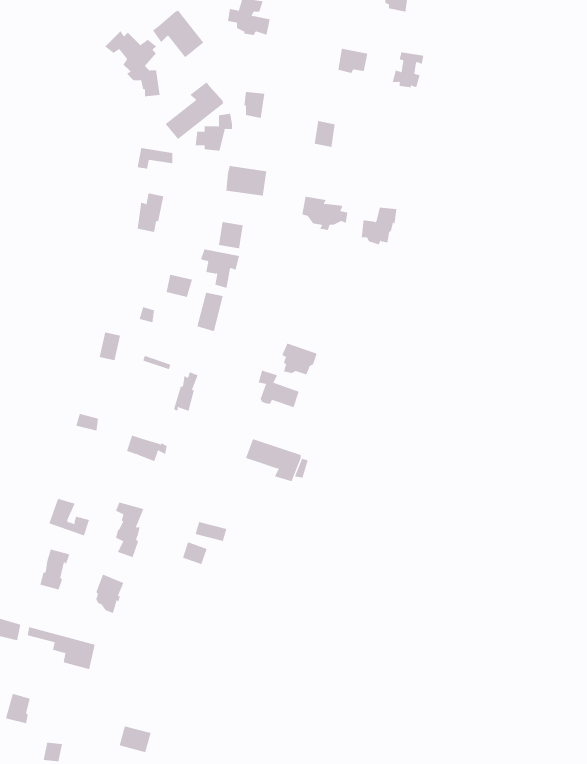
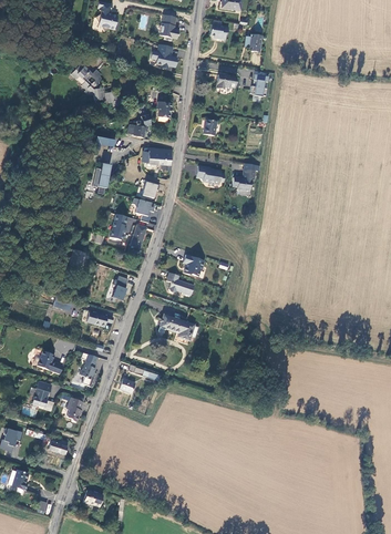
building: [152,10,204,58] -> none
building: [165,82,224,140] -> none

